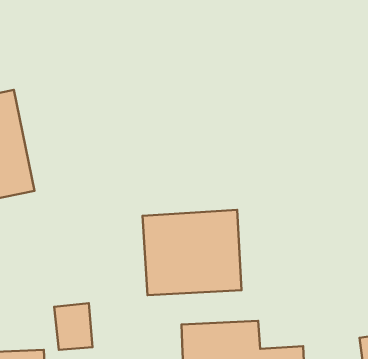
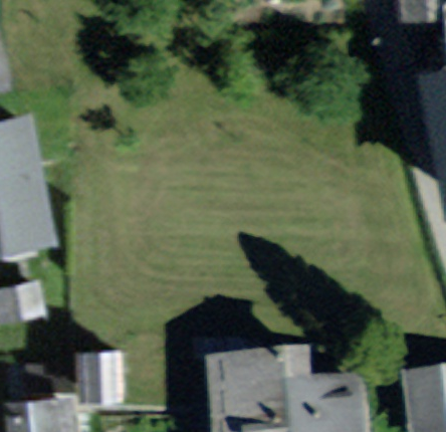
building: [143,210,242,295] -> none

